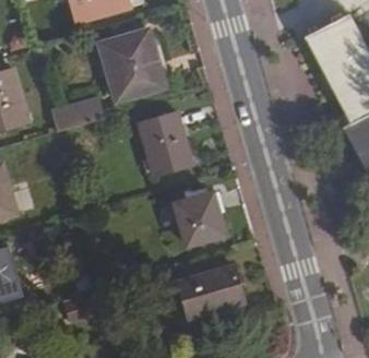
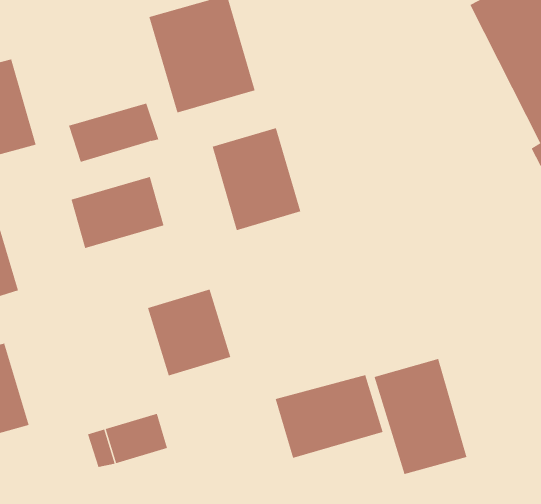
building: none -> [71,176,164,249]
building: [175,191,227,246] -> [147,289,231,376]
building: none -> [374,358,467,475]

